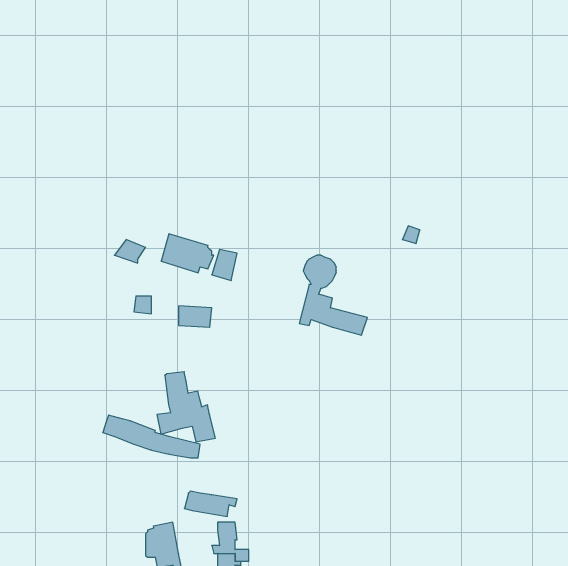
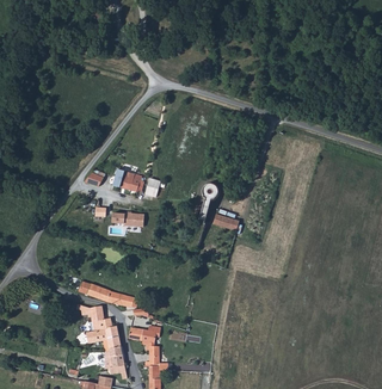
building: [157,372,215,442] -> [85,305,121,348]

